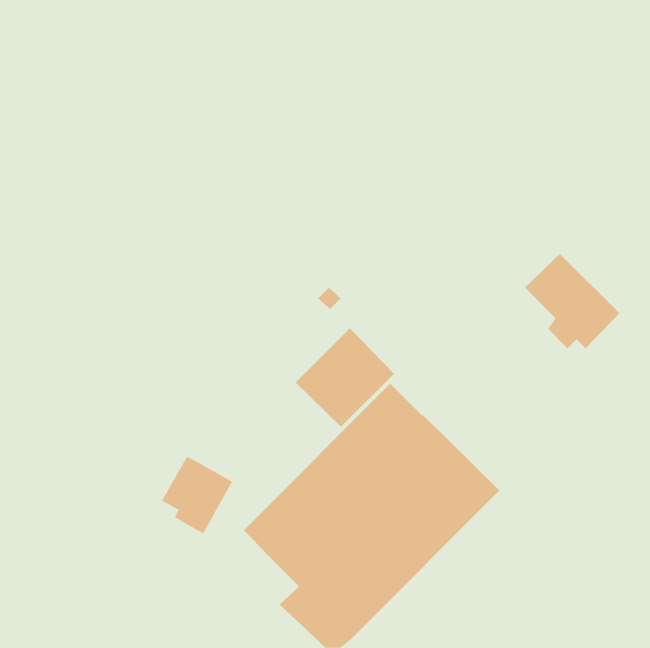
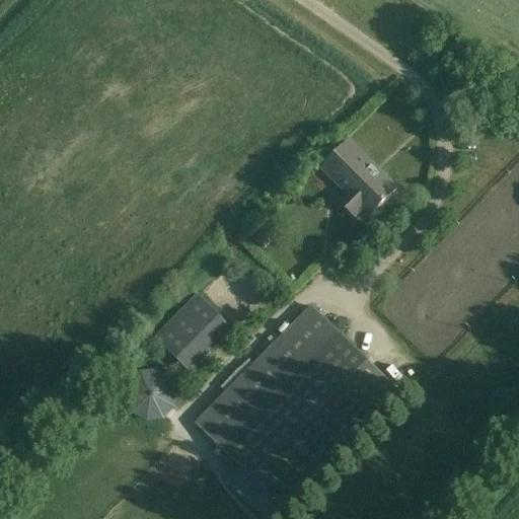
building: [524,253,620,349] -> [316,138,392,214]
building: [295,328,395,427] -> [151,290,230,369]

